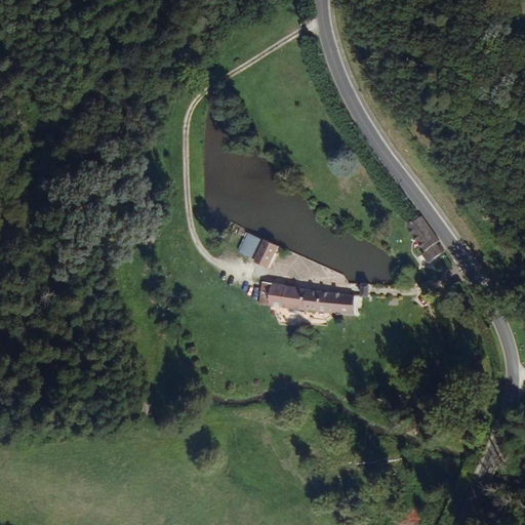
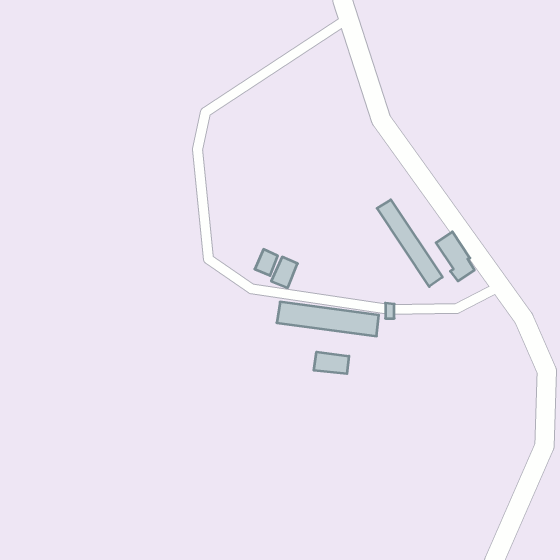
building: none -> [377,200,442,287]
building: none -> [314,352,349,374]

